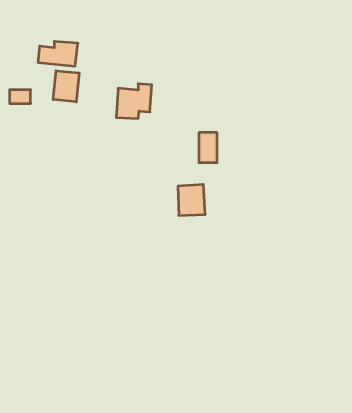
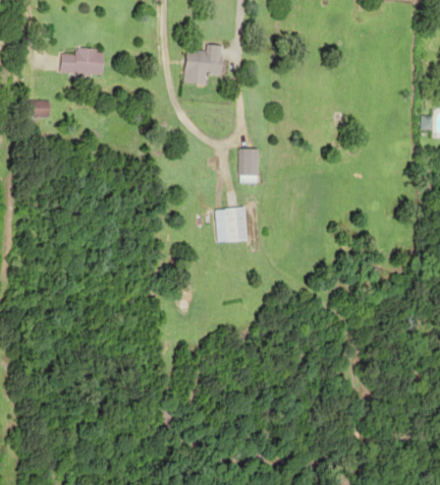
building: [53,71,79,102] -> none
building: [116,84,152,118] -> [182,45,222,83]

